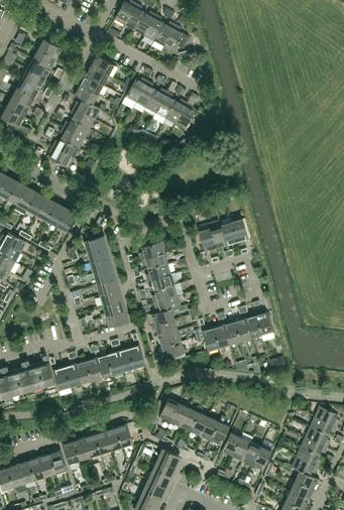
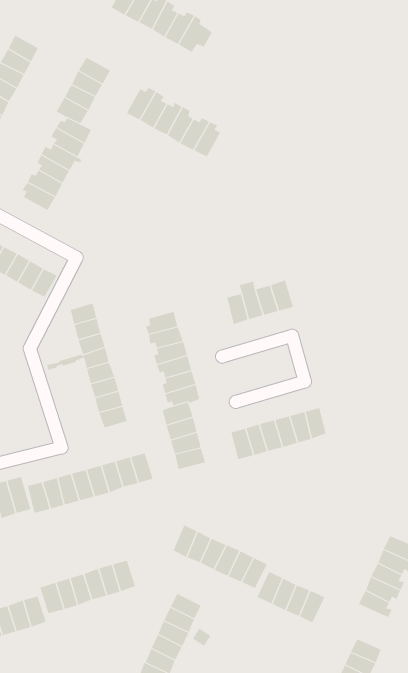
building: [291,457,318,490] -> none

